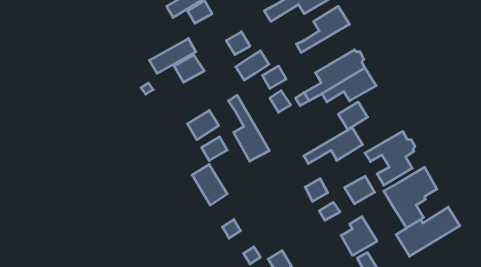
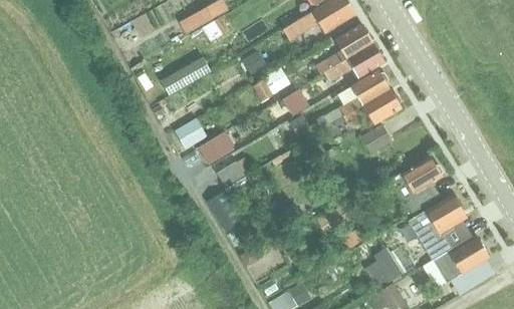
building: [174,55,204,82] -> [175,119,207,148]
building: [228,95,269,161] -> none
building: [304,128,363,164] -> [322,42,384,80]
building: [345,176,375,204] -> none

